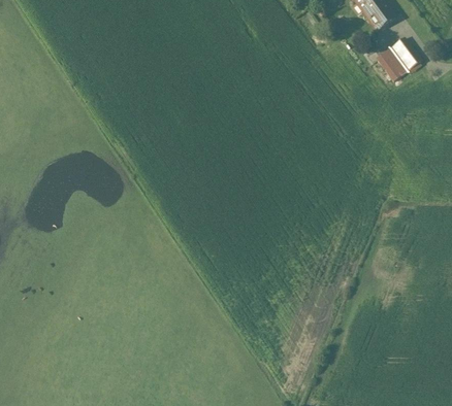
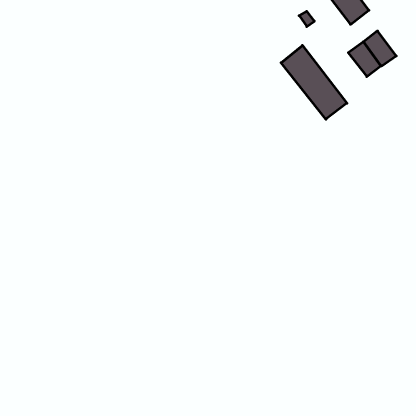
building: none -> [281,45,347,119]

